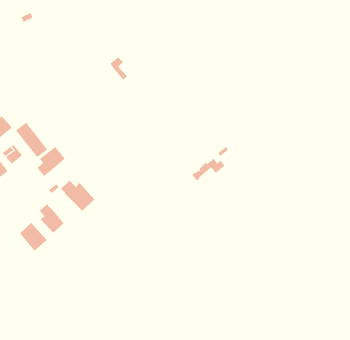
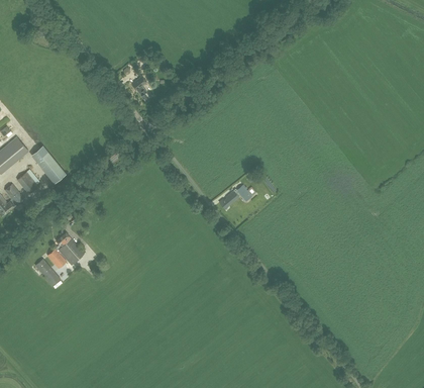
building: [36,146,65,177] -> none
building: [60,180,95,211] -> none

